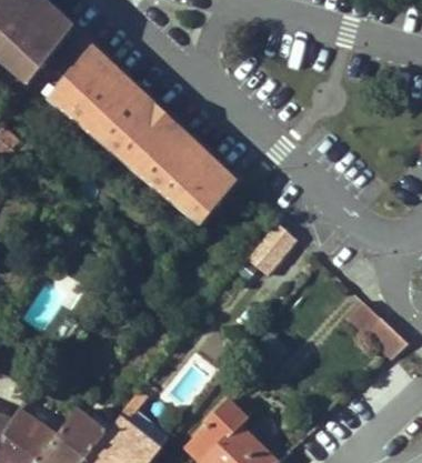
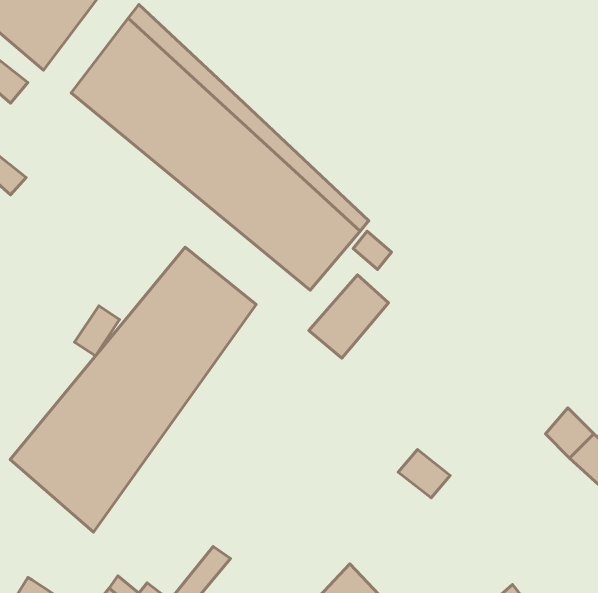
building: none -> [10,247,256,532]
building: [247,220,298,273] -> [309,275,389,358]

